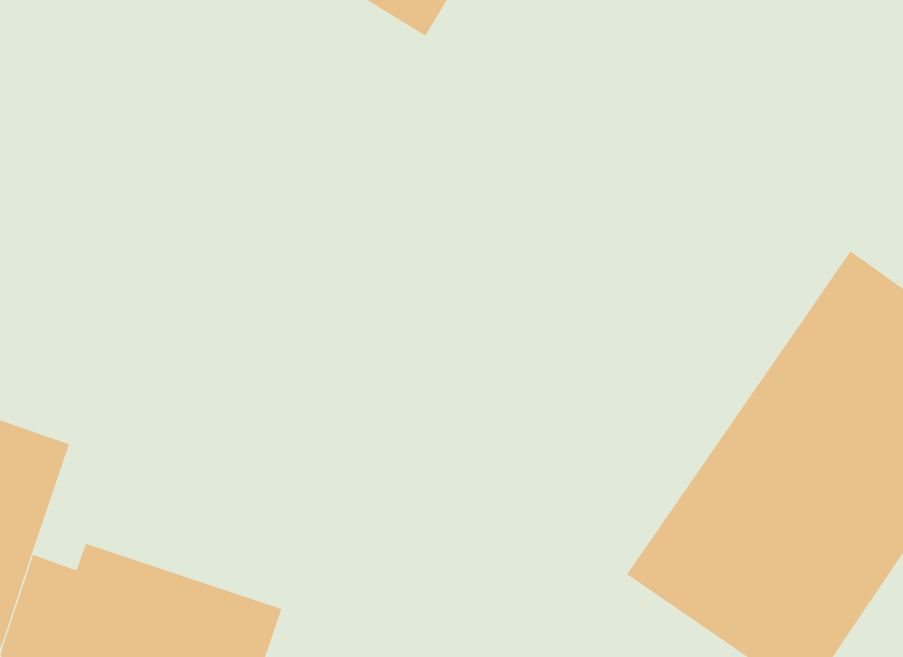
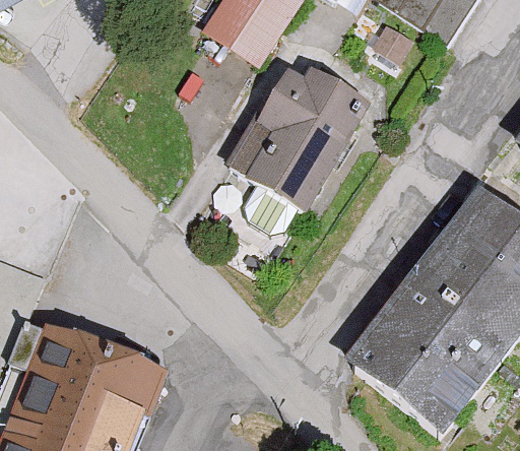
building: none -> [236,64,370,211]

